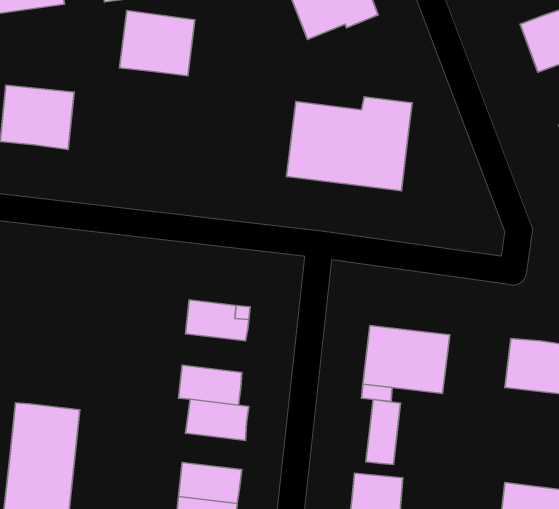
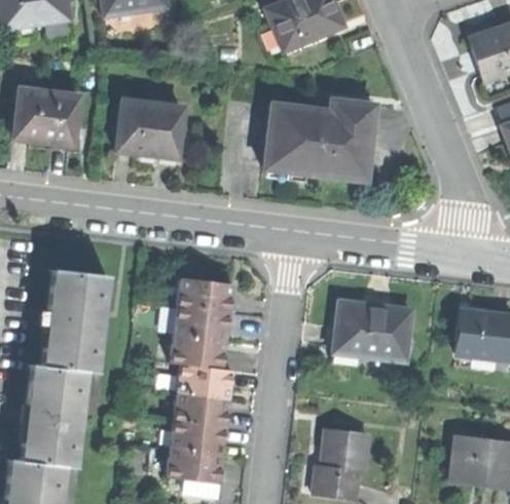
building: [120,10,195,76] -> [118,100,184,157]
building: none -> [40,271,108,376]
building: none -> [174,307,229,341]
building: [366,400,401,464] -> none
building: none -> [174,394,229,426]

